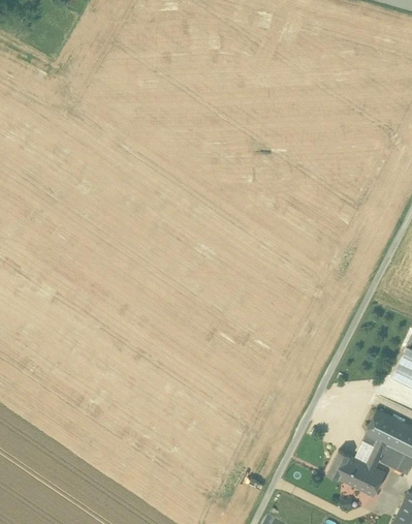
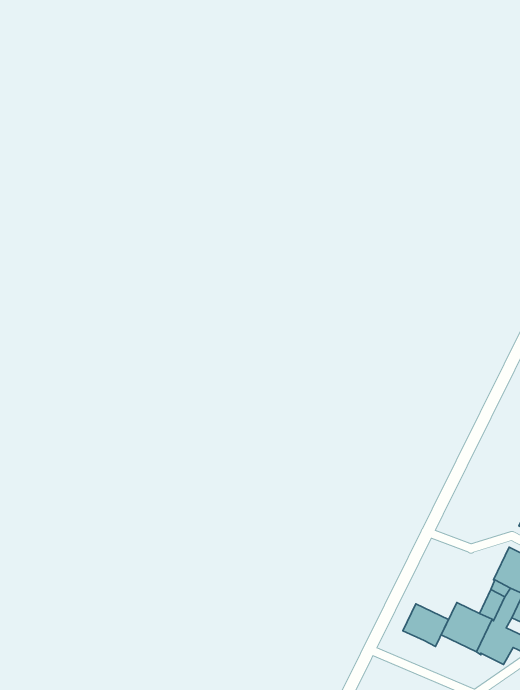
building: none -> [403,604,449,646]

